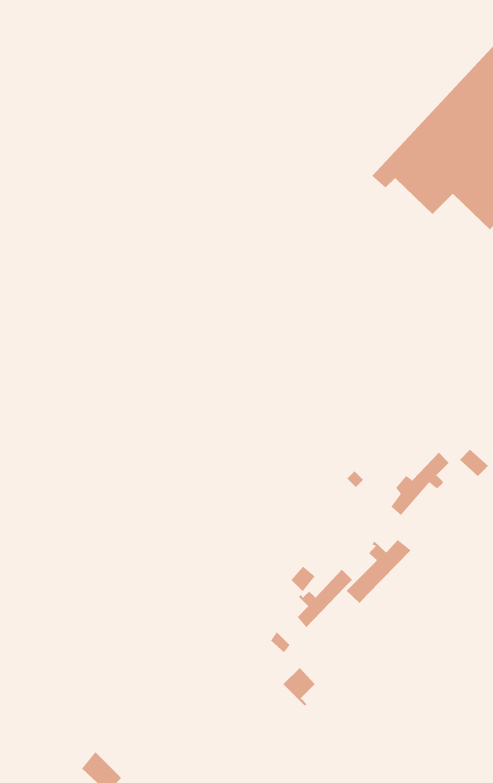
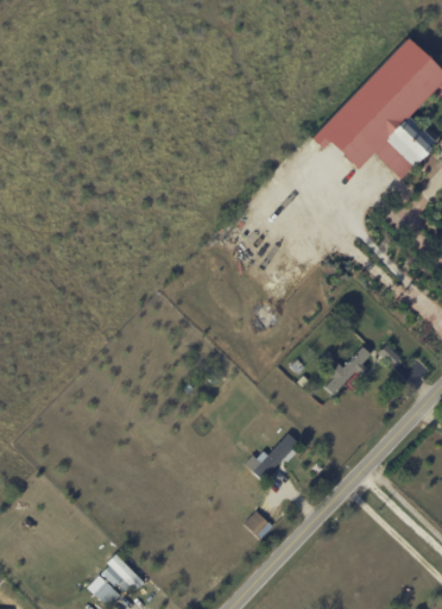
building: [346,539,411,604] -> none
building: none -> [102,555,145,596]

